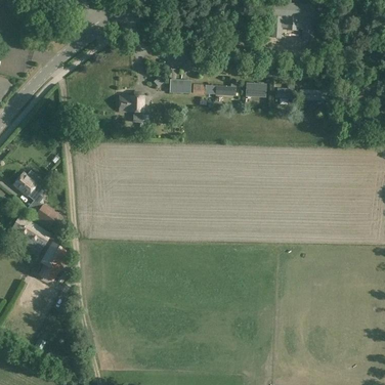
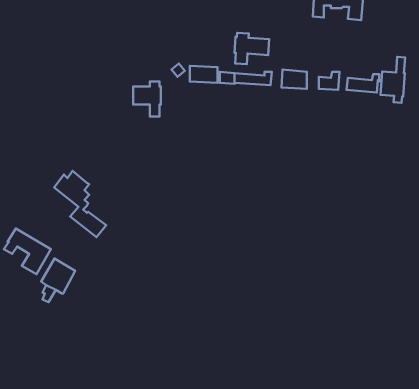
building: none -> [234,33,269,64]
building: none -> [380,57,405,103]
building: [14,170,58,226] -> [54,171,106,237]

